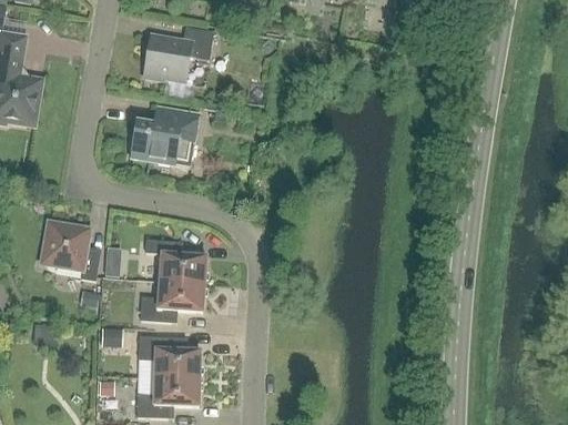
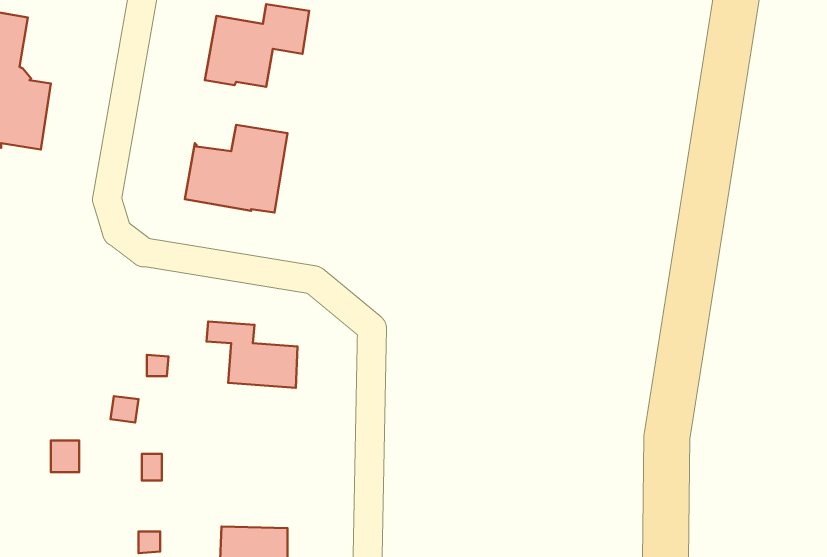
building: [40,219,100,279] -> none
building: [140,280,204,322] -> none
building: [139,335,200,377] -> none

